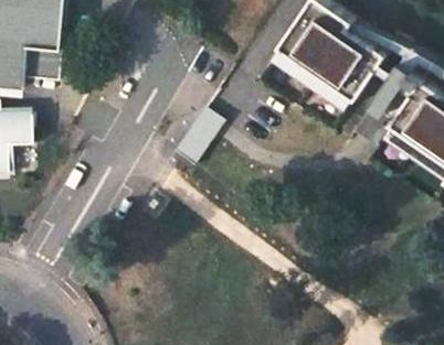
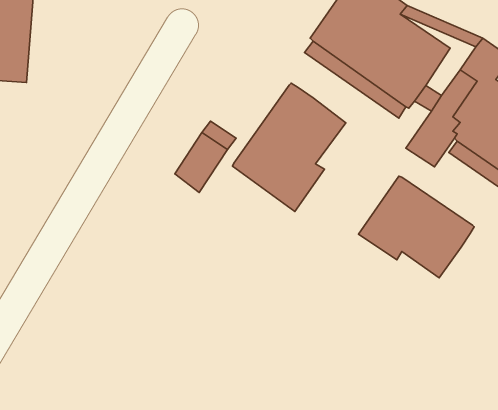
building: none -> [233,83,346,211]
building: none -> [359,176,474,278]

